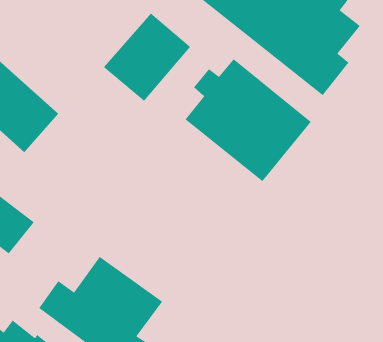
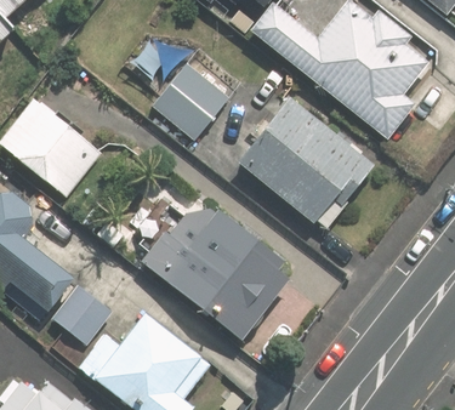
building: none -> [136,210,297,338]
building: none -> [50,283,115,348]

